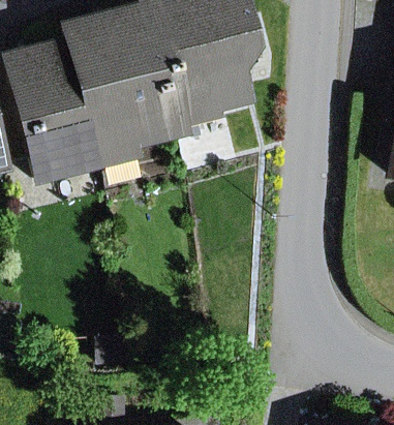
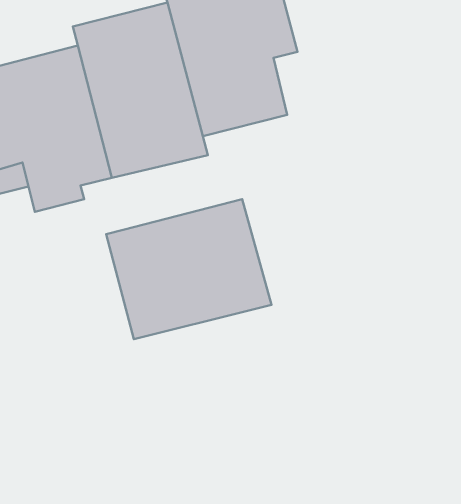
building: none -> [106,199,271,339]

